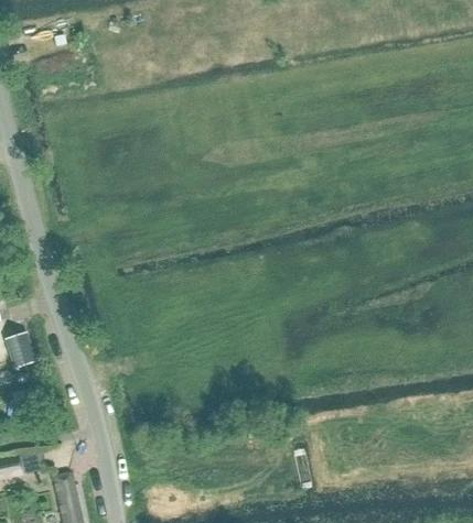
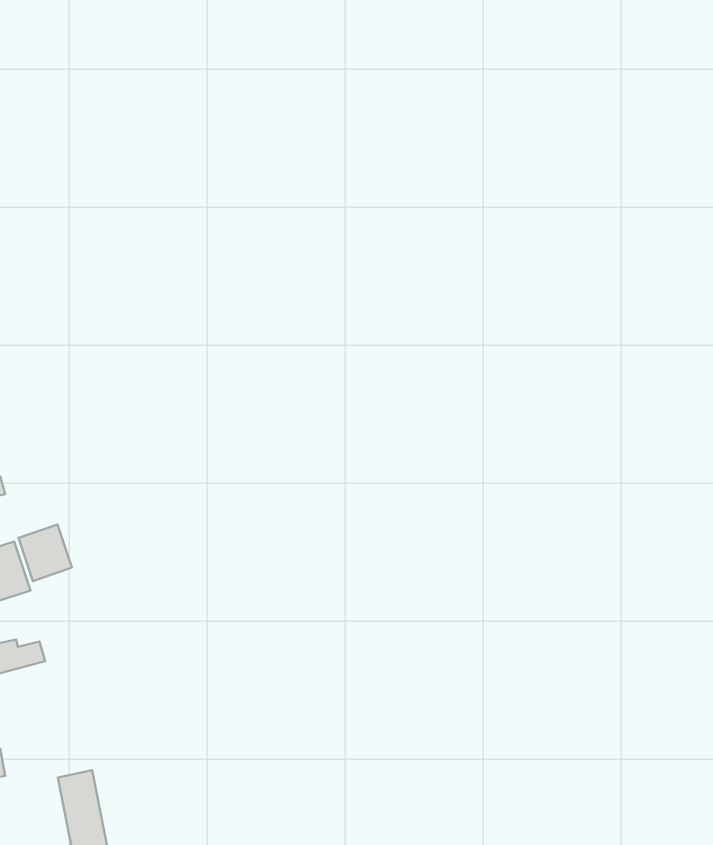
building: none -> [18,524,72,581]

